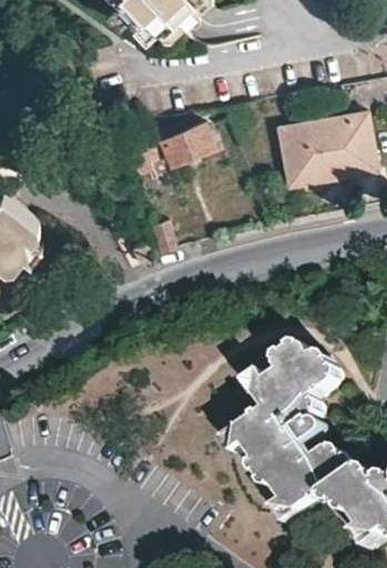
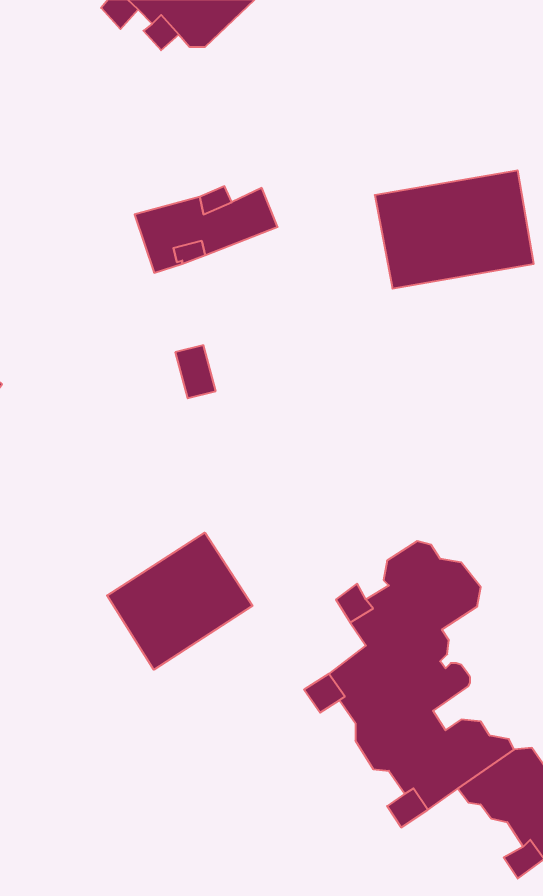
building: none -> [107,533,252,670]

